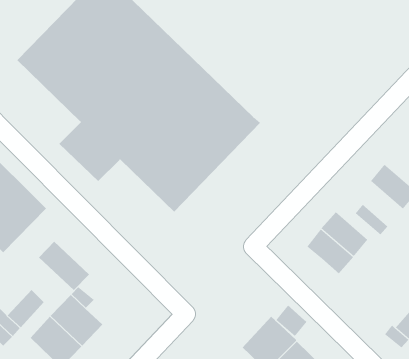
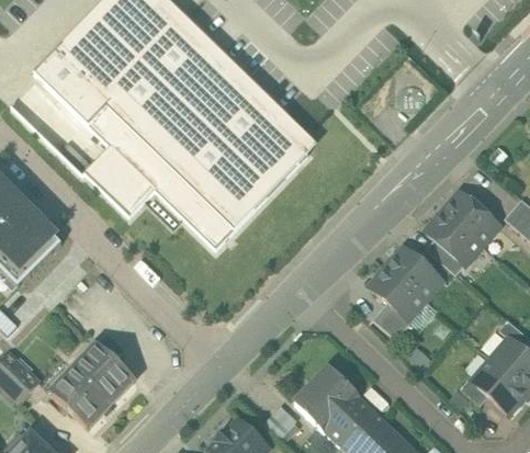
building: none -> [426,211,482,263]
building: [38,241,90,291] -> none
building: [7,289,45,328] -> none
building: [275,305,308,337] -> [373,301,410,338]

